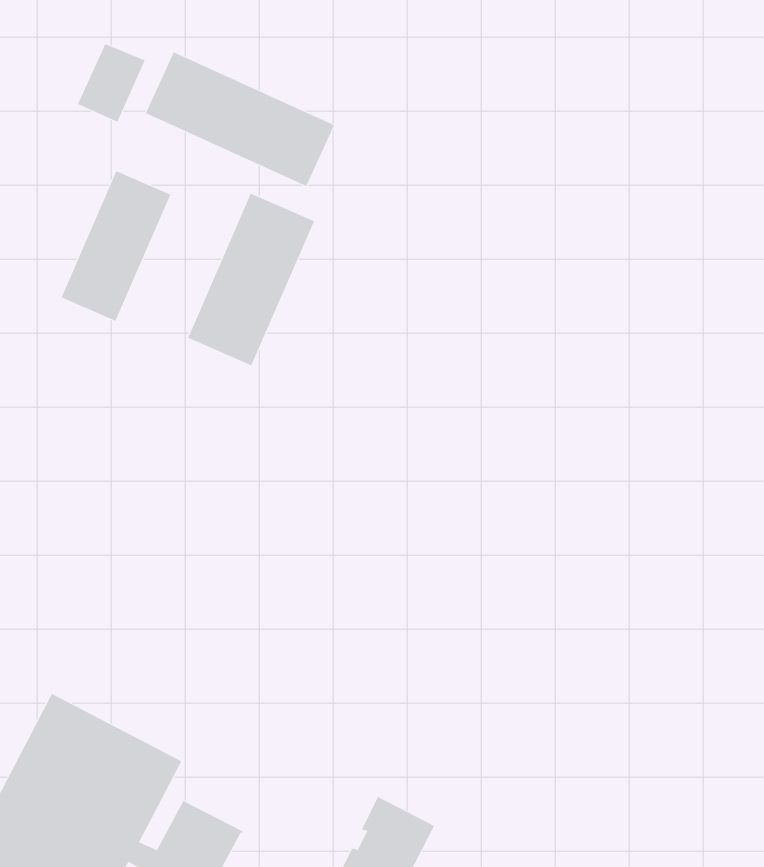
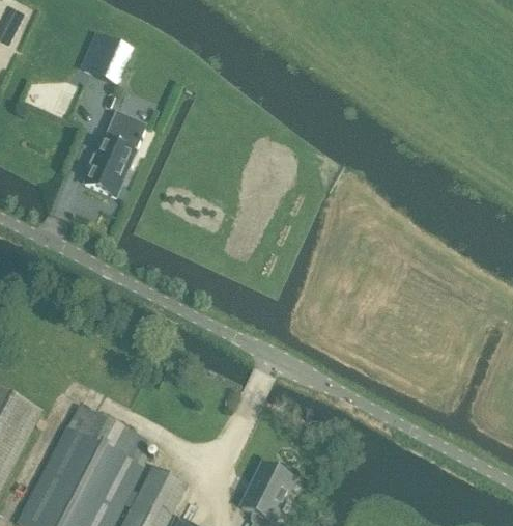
building: [145,52,335,187] -> none
building: [187,193,315,366] -> none

